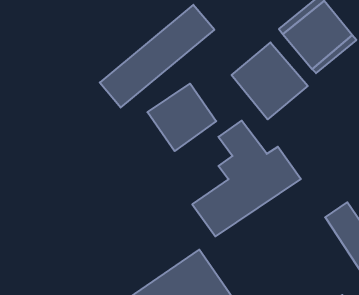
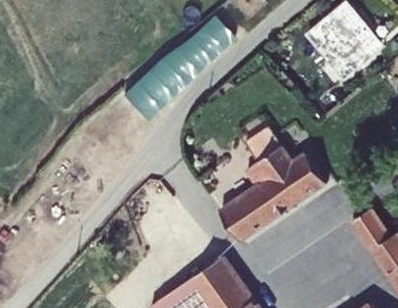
building: [232,42,308,119] -> none
building: [147,84,216,151] -> none

